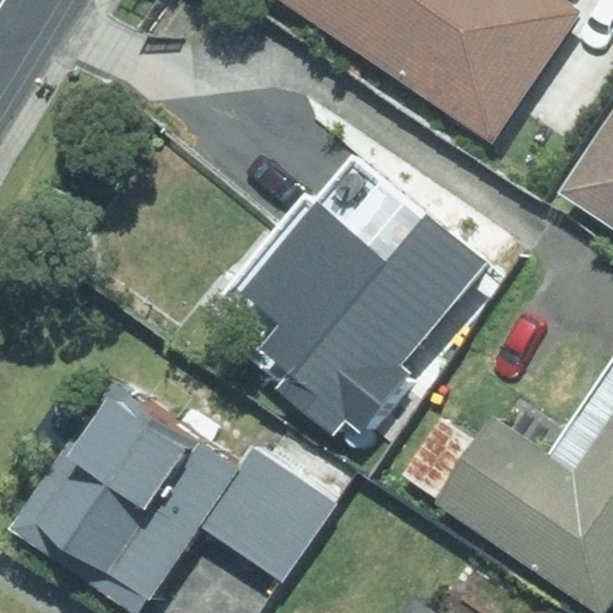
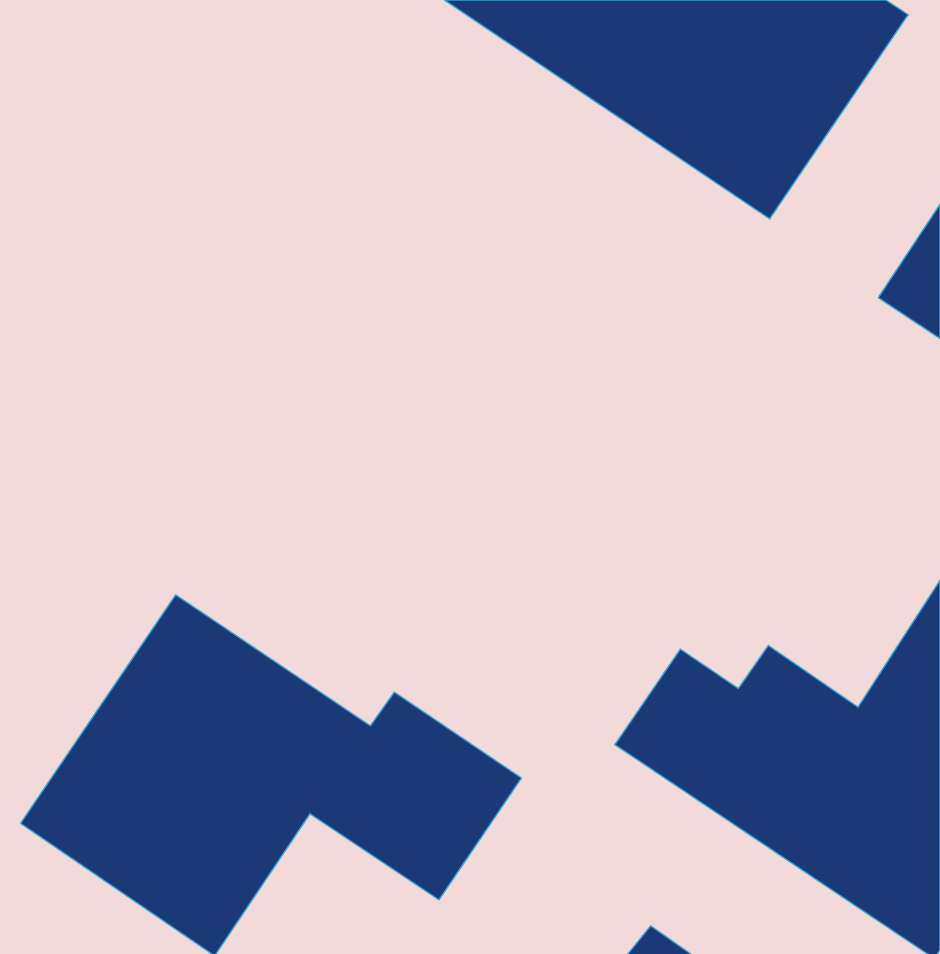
building: [236,201,490,425] -> none

